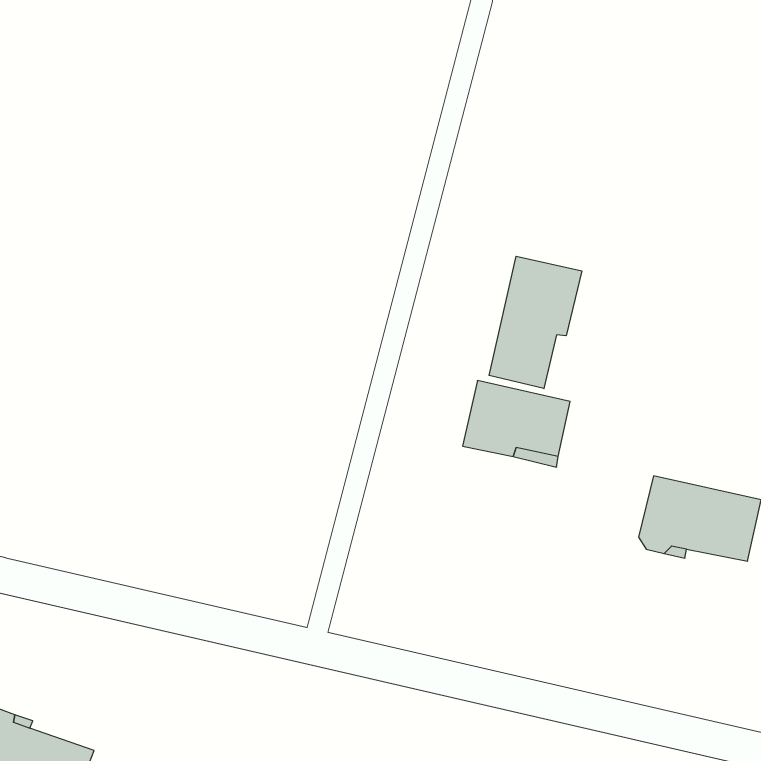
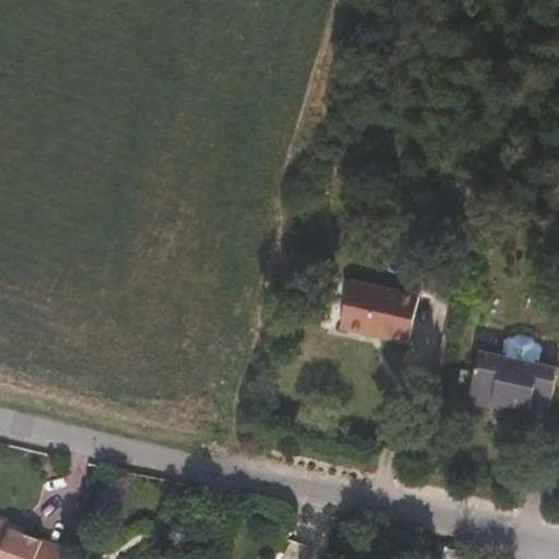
building: [489,256,582,389] -> none

